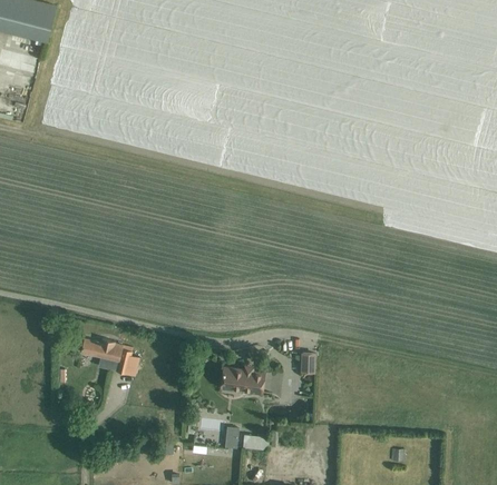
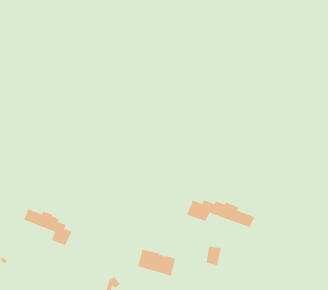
building: none -> [187,199,255,228]

